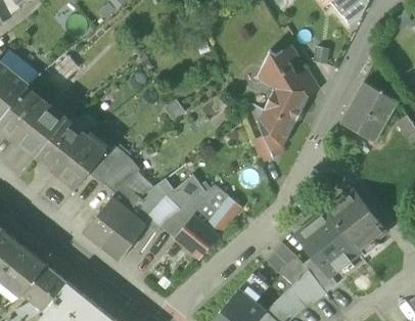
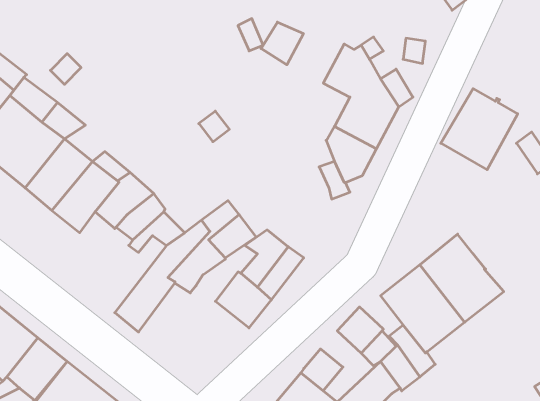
building: none -> [261,22,303,65]
building: [84,190,140,246] -> none
building: [162,197,206,238] -> none

